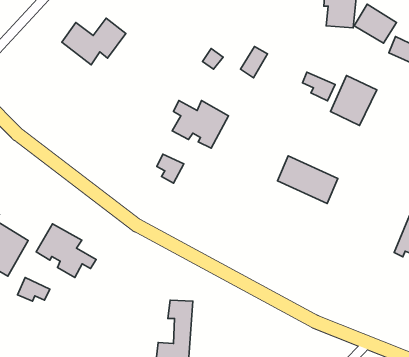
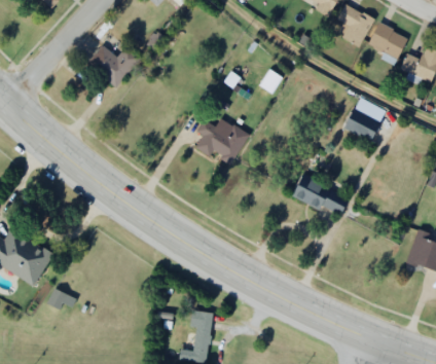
building: [303,72,335,101] -> none
building: [157,154,184,183] -> none
building: [36,224,96,277] -> none

